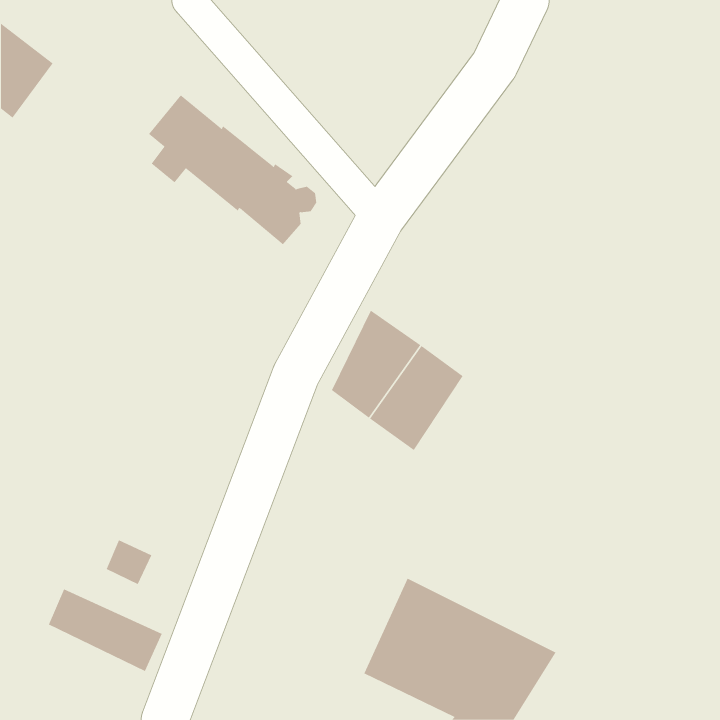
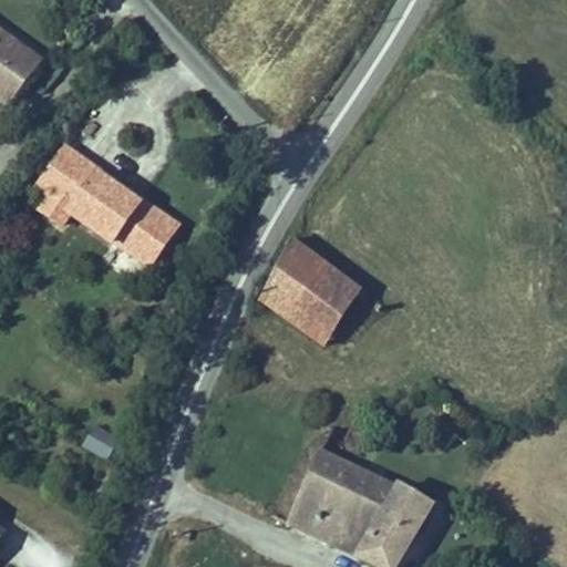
building: [148,94,317,245] -> [41,137,174,256]
building: [48,588,162,672] -> none

